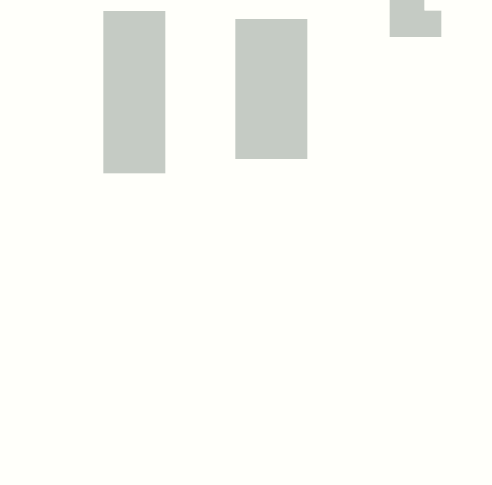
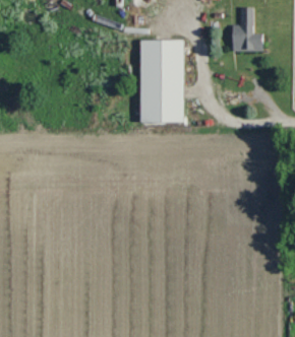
building: [103,10,166,174] -> none

